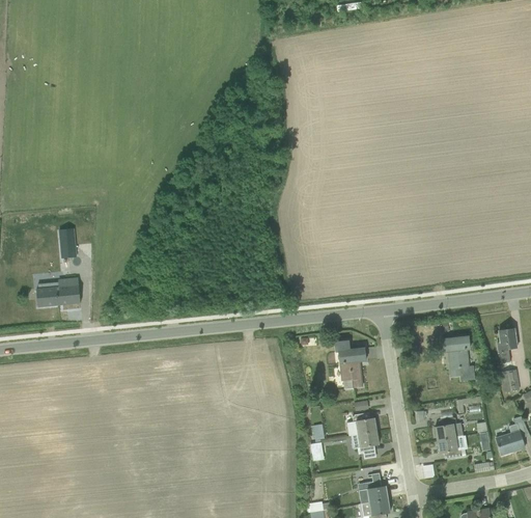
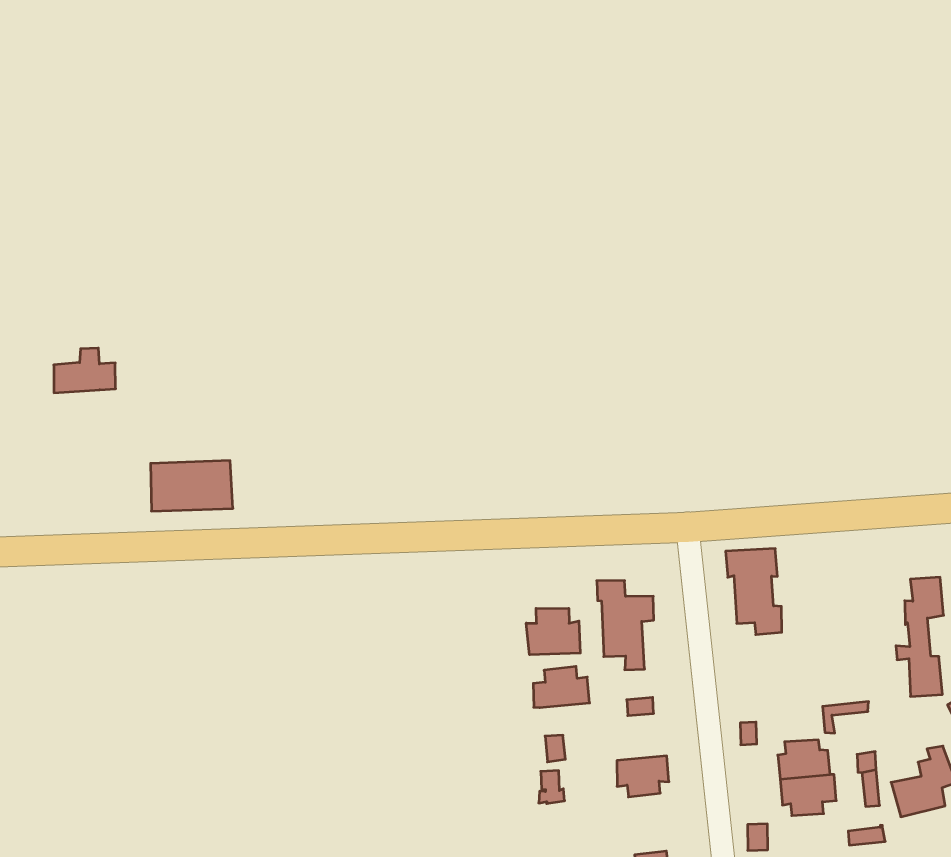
building: [36,277,81,306] -> [151,461,233,511]
building: [443,335,475,381] -> [726,549,782,635]
building: none -> [526,608,580,655]
building: [347,412,378,435] -> [533,666,590,708]

